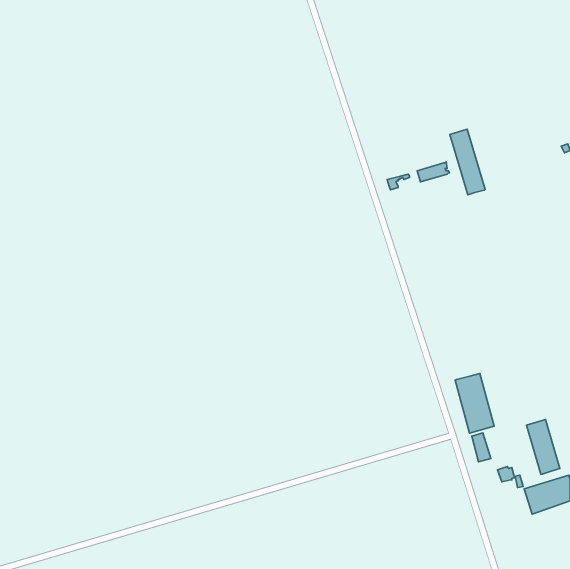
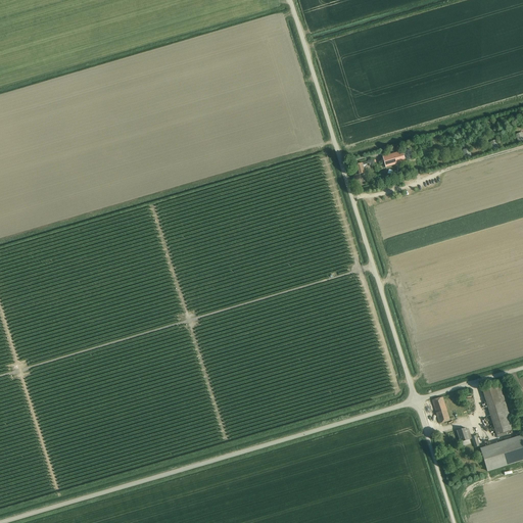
building: [450,129,485,195] -> none
building: [455,373,494,433] -> none

